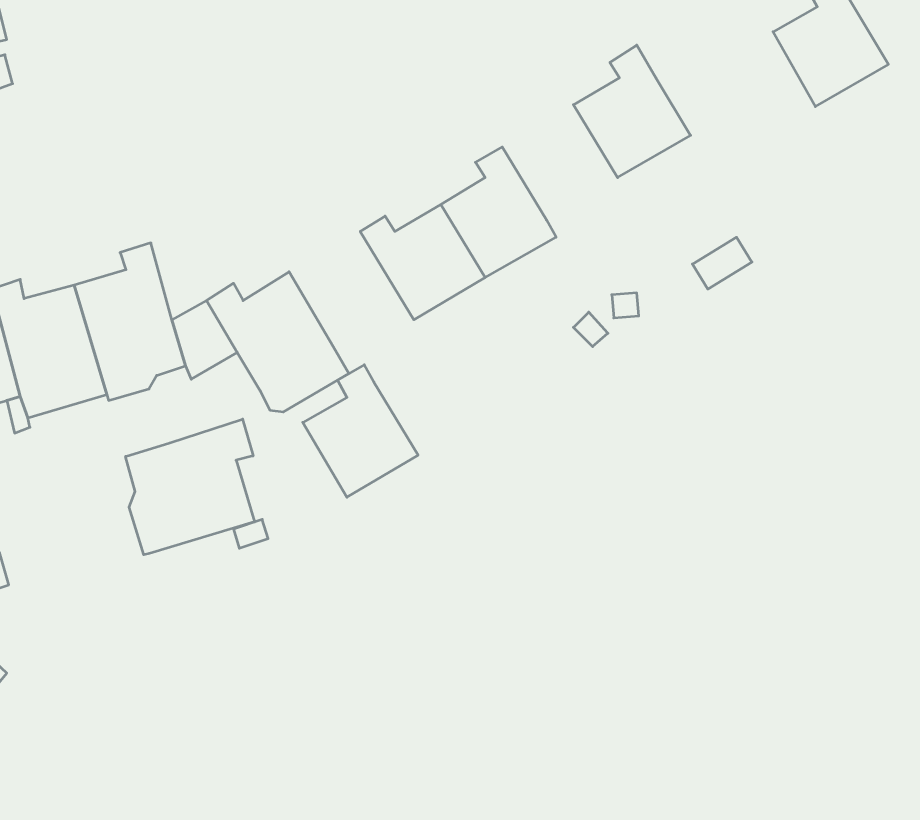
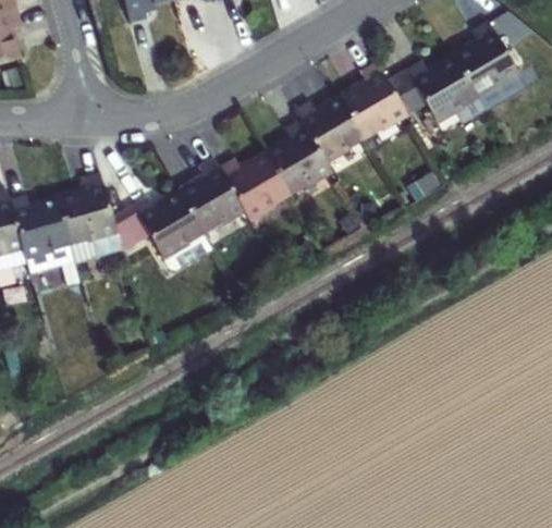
building: none -> [388,58,478,124]
building: none -> [295,99,366,164]
building: [303,365,418,497] -> [180,161,245,236]
building: [126,419,255,555] -> none

